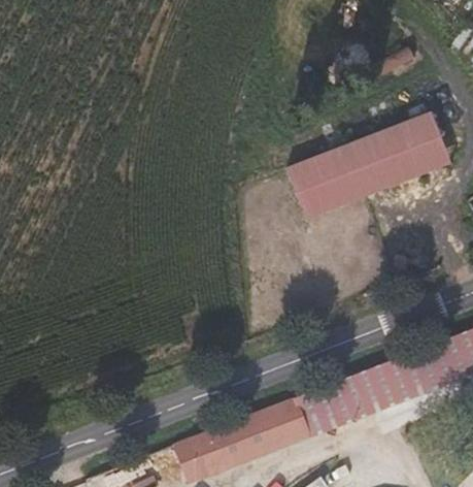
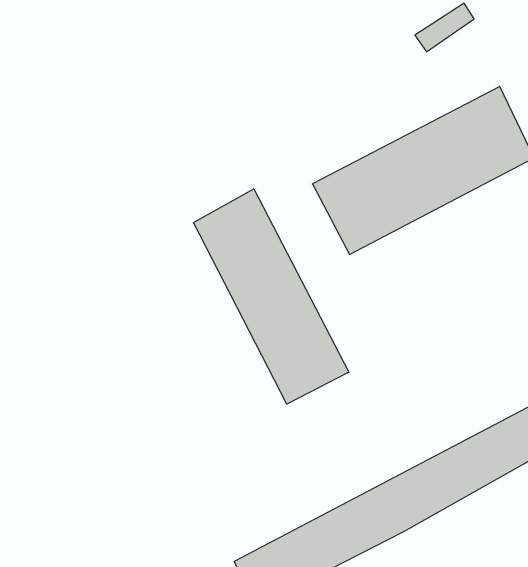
building: none -> [194,189,349,404]

